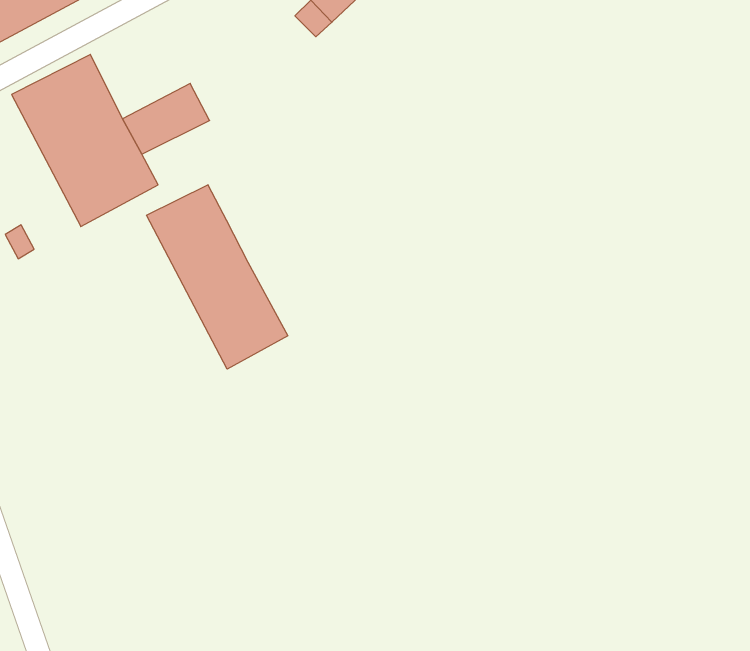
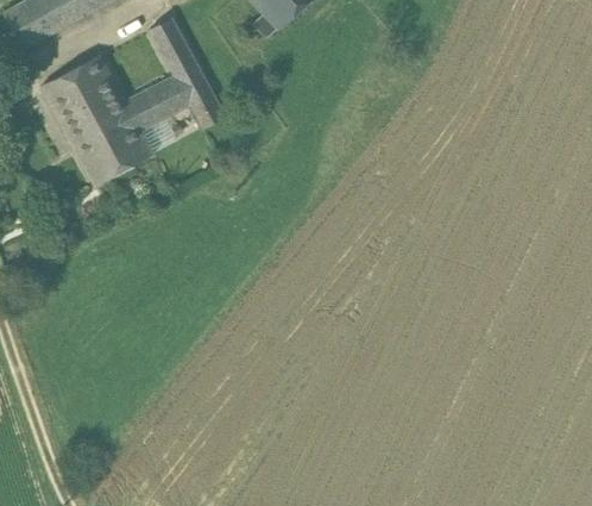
building: none -> [151,18,222,129]
building: [147,185,288,369] -> none

